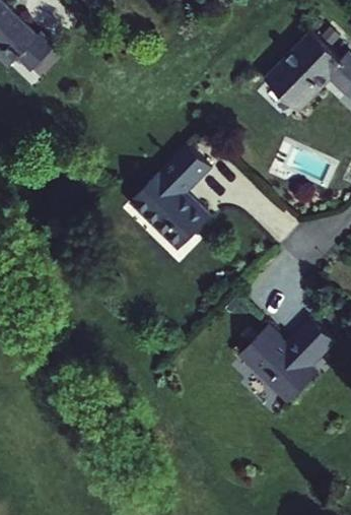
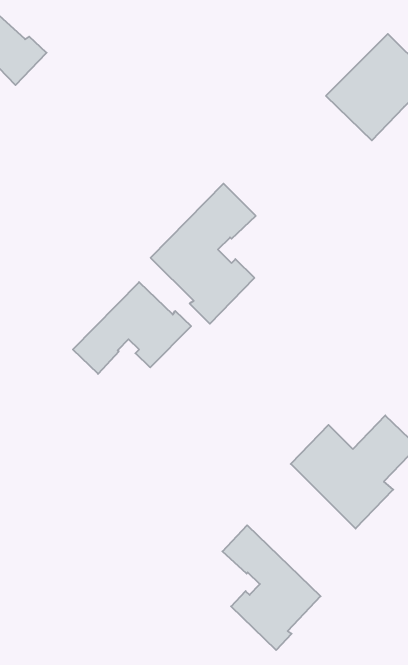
building: none -> [73,282,191,374]
building: none -> [222,525,321,650]

